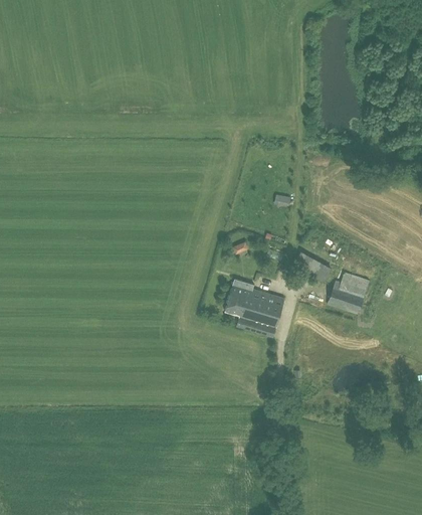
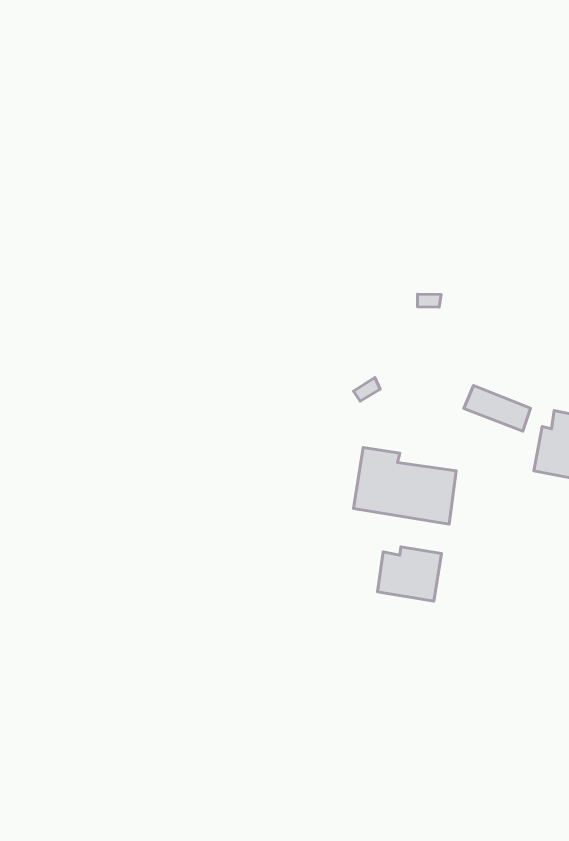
building: none -> [378,547,442,601]

